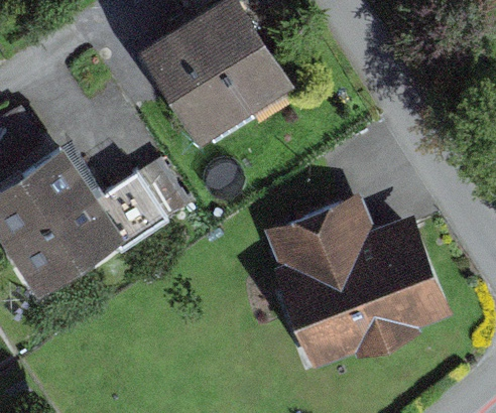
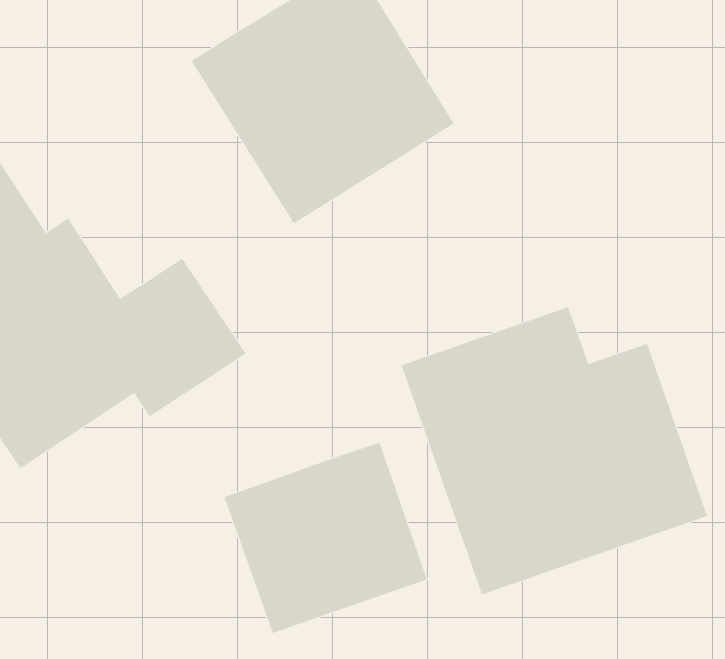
building: none -> [224,442,427,634]

